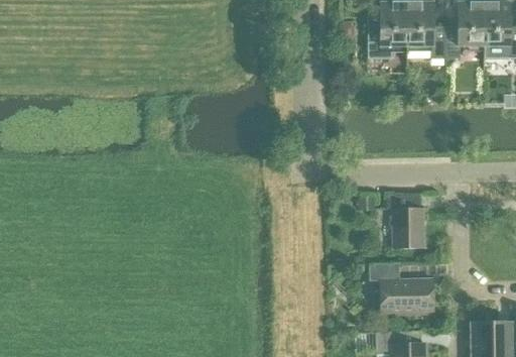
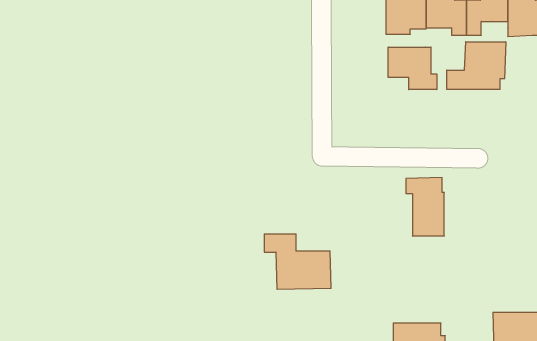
building: none -> [447,42,506,89]
building: none -> [388,47,437,90]
building: [370,263,433,316] -> [264,234,331,289]

